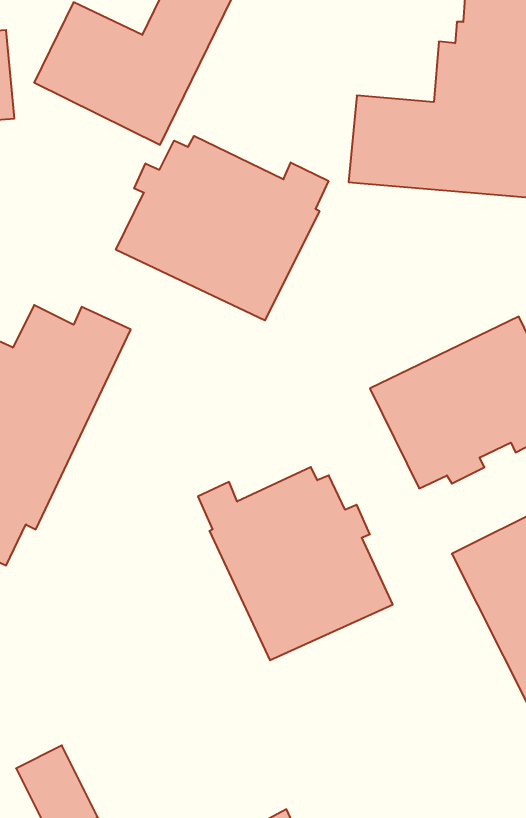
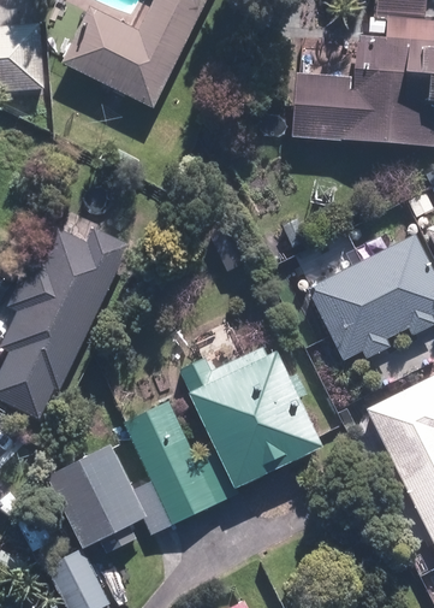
building: [116,136,328,320] -> none
building: none -> [124,402,236,525]
building: none -> [48,444,147,554]

